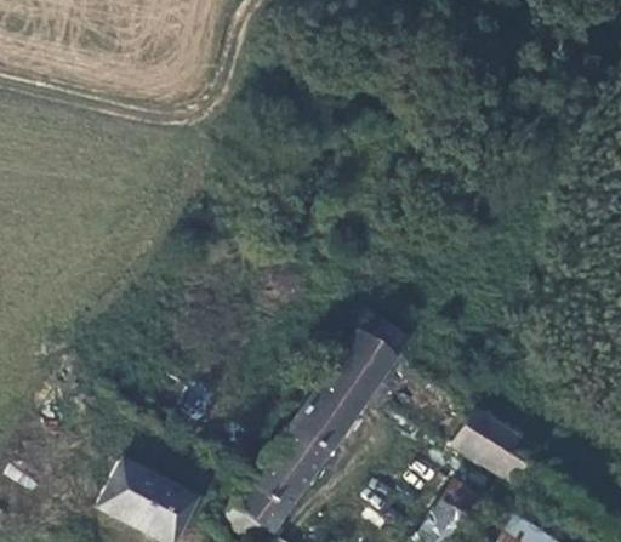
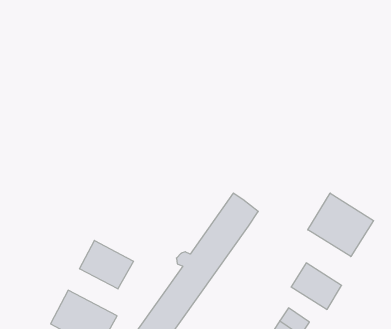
building: none -> [308,193,374,257]
building: none -> [80,240,133,289]

